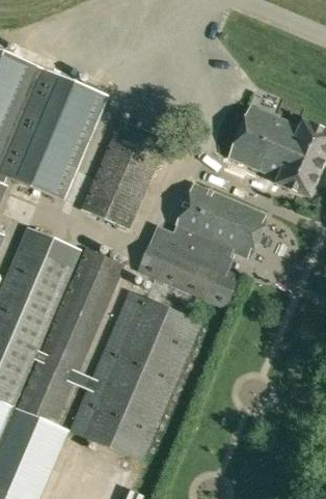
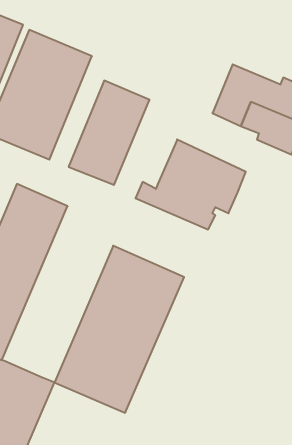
building: [138,243,237,308] -> none
building: [17,249,124,425] -> none

